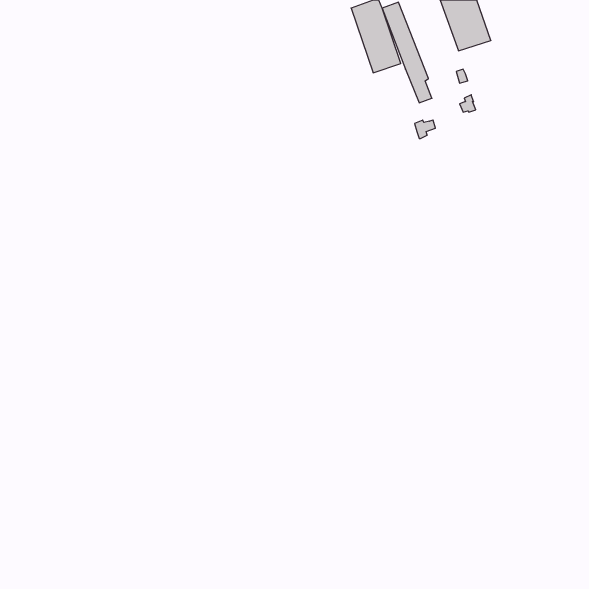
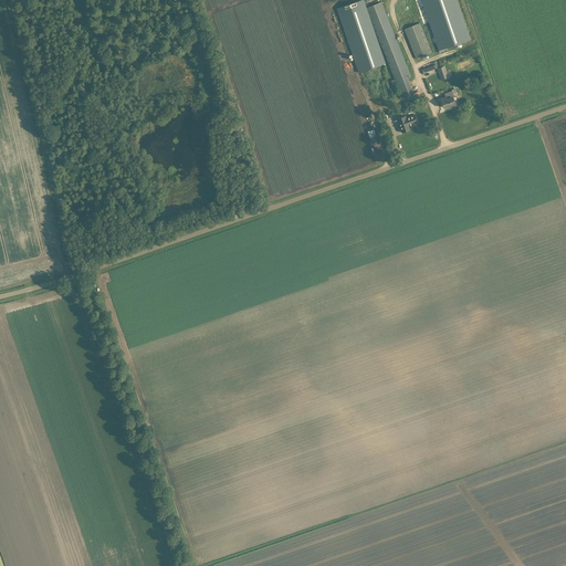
building: none -> [403,24,431,60]

